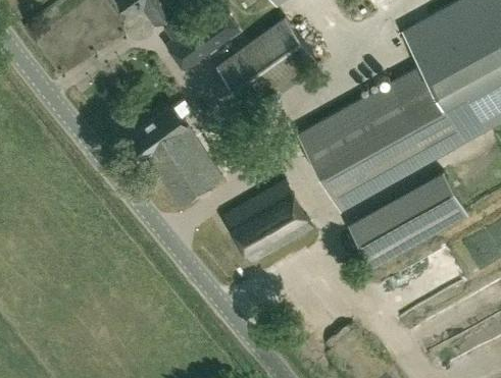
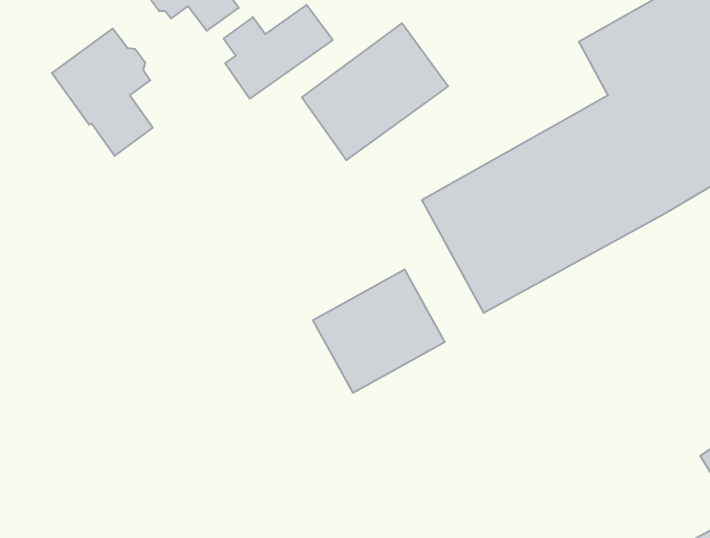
building: none -> [52,29,153,156]
building: [128,108,221,208] -> none
building: [347,174,466,271] -> none

